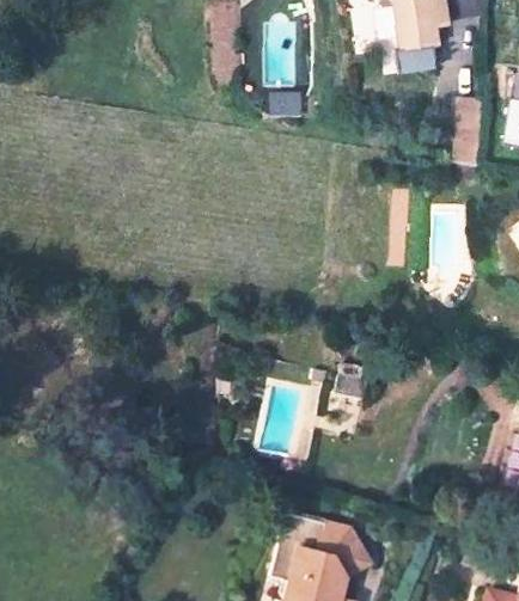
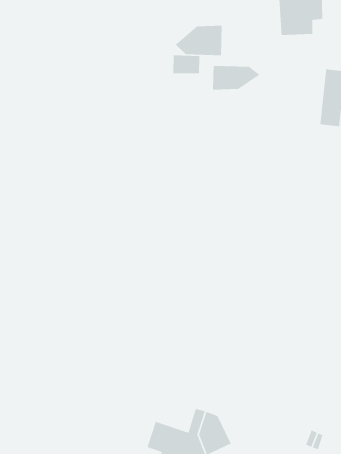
building: none -> [175,25,222,56]
building: none -> [212,65,260,90]

